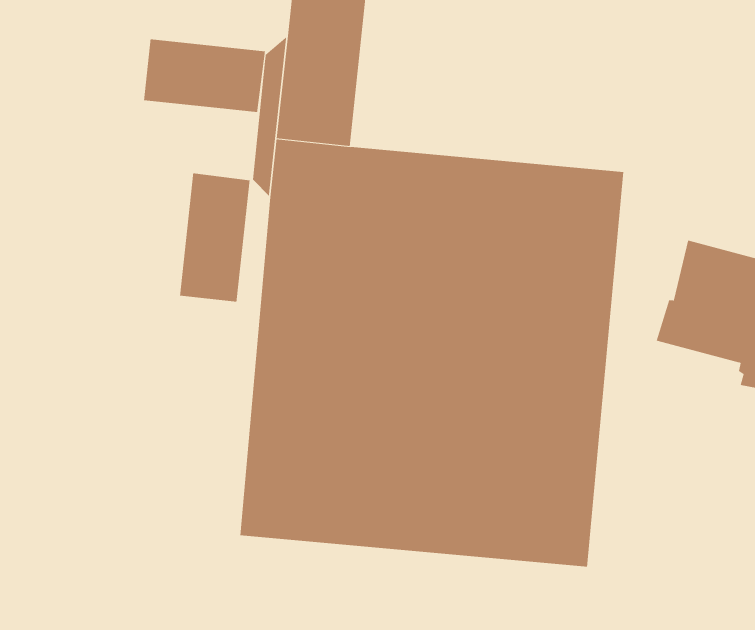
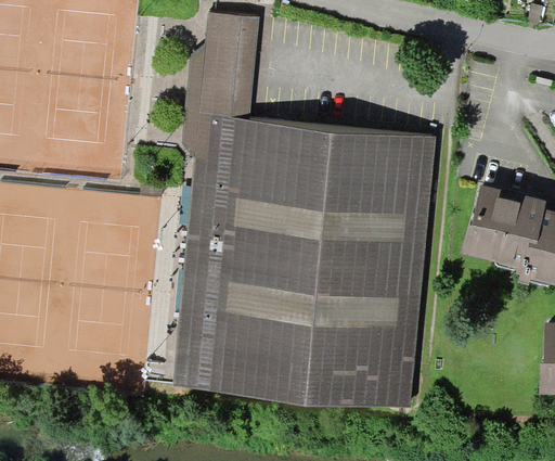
building: [144,38,265,113] -> none
building: [179,172,250,303] -> none

